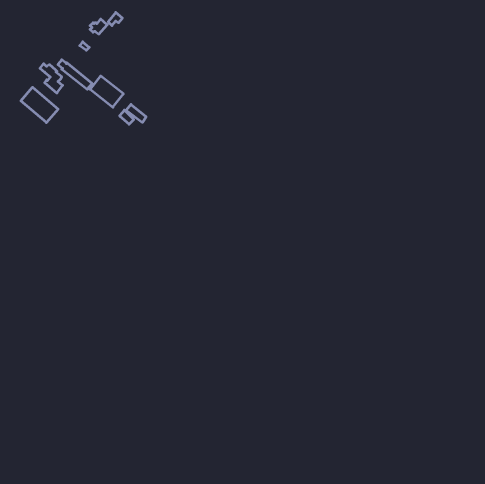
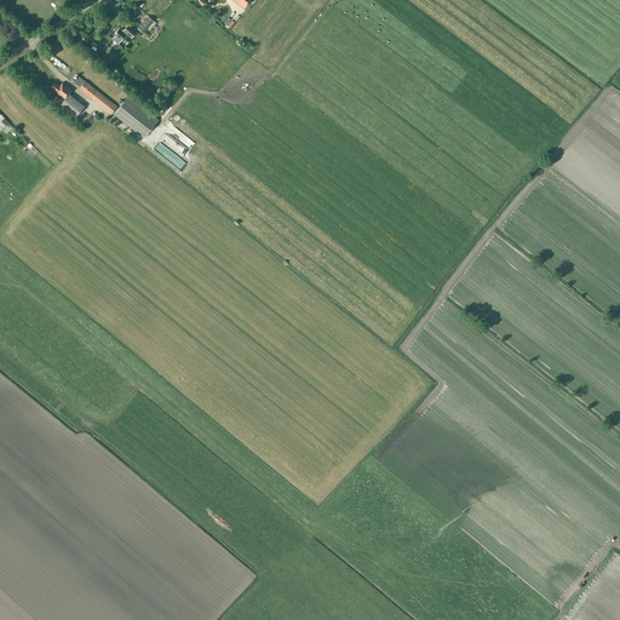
building: [21,87,58,123] -> none

